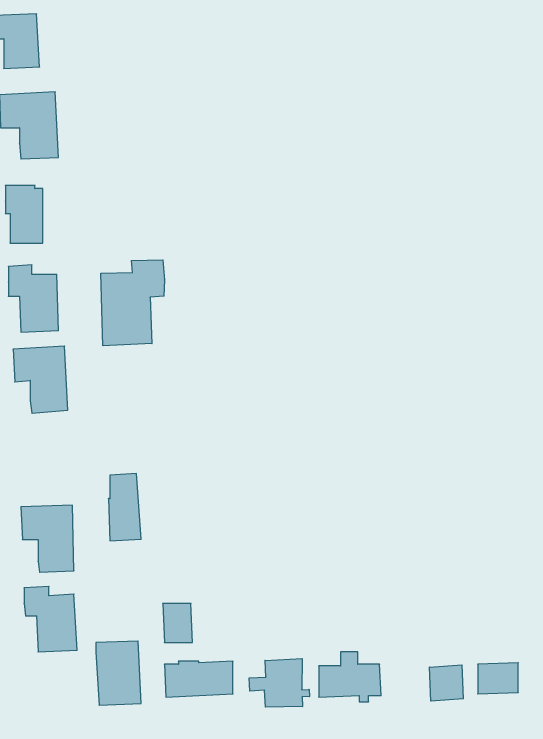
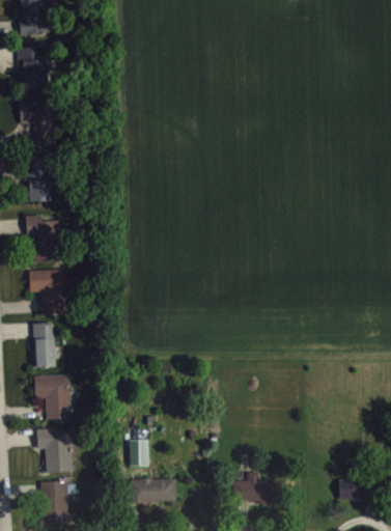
building: [101,260,164,346] -> none
building: [108,474,141,541] -> [32,323,54,367]
building: [96,641,141,705] -> [39,481,69,524]
building: [249,659,309,707] -> none
building: [430,665,463,701] -> none

